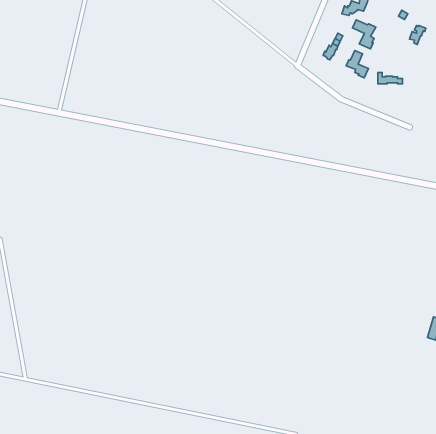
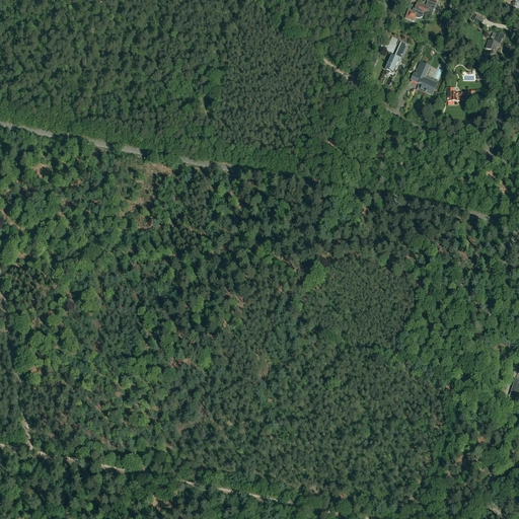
building: [353,20,376,49] -> none

